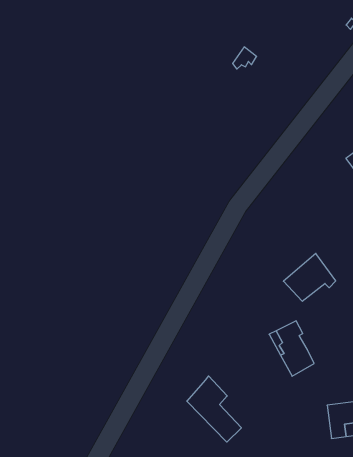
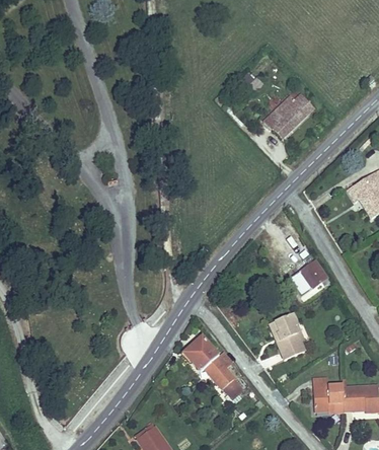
building: none -> [270,95,317,139]
building: none -> [178,336,215,371]

